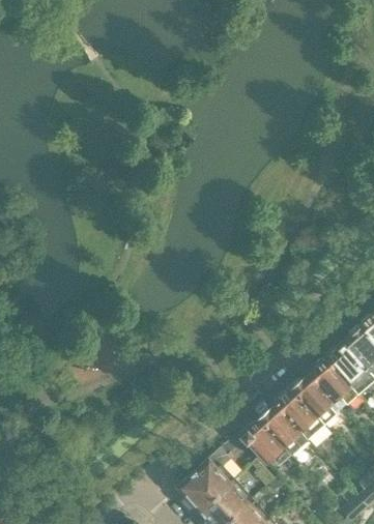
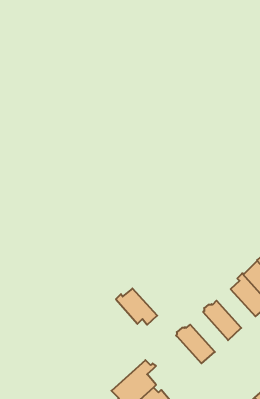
building: [310,361,358,411] -> none
building: [277,391,324,441] -> none
building: [239,421,291,467] -> [116,288,157,325]

